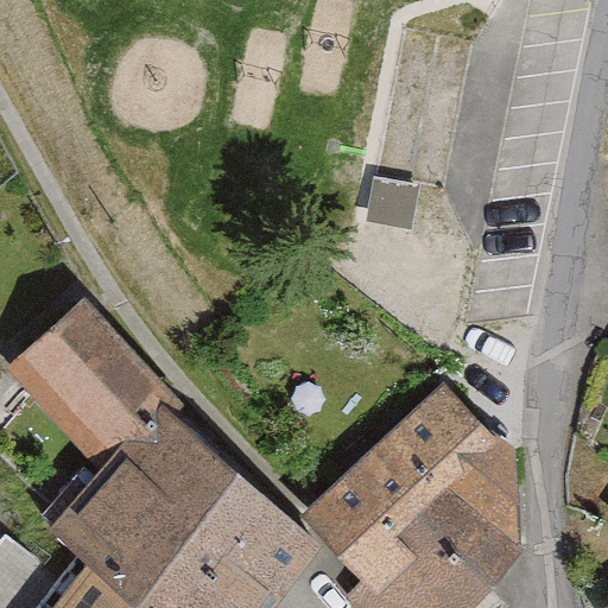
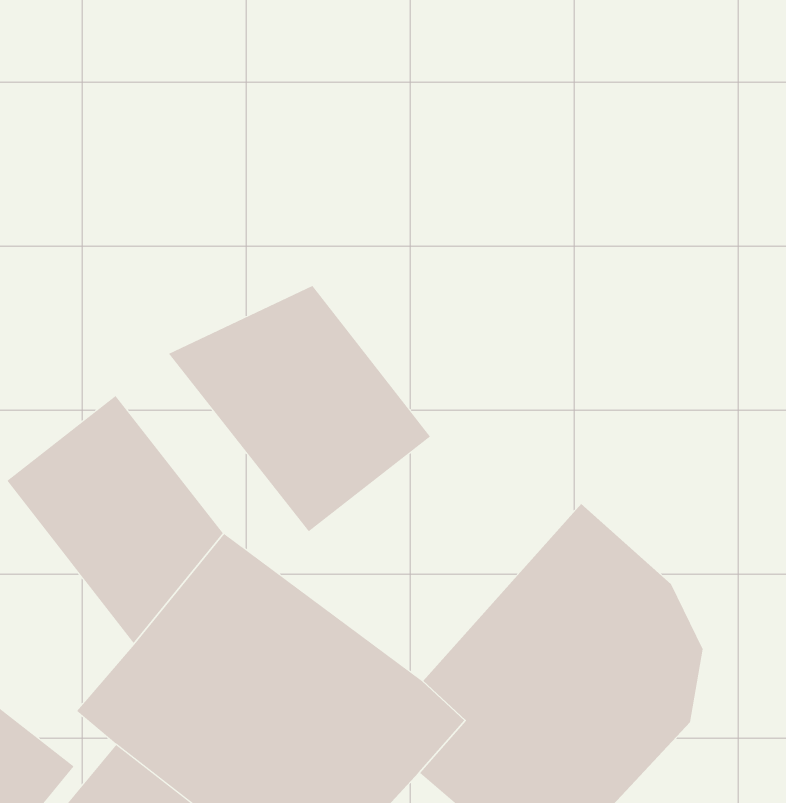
building: none -> [168,285,431,532]

